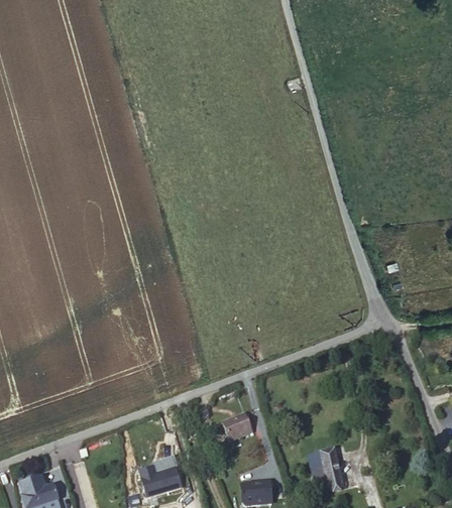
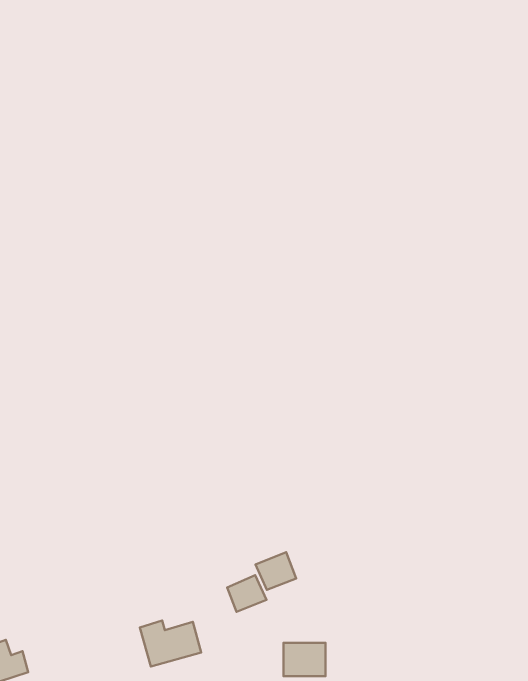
building: none -> [227,575,266,612]
building: [308,450,342,490] -> none

